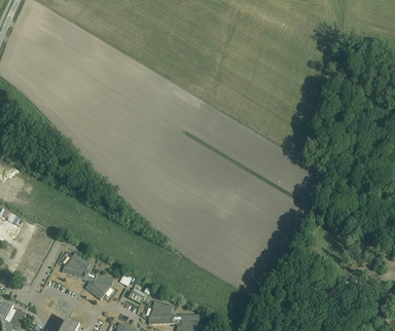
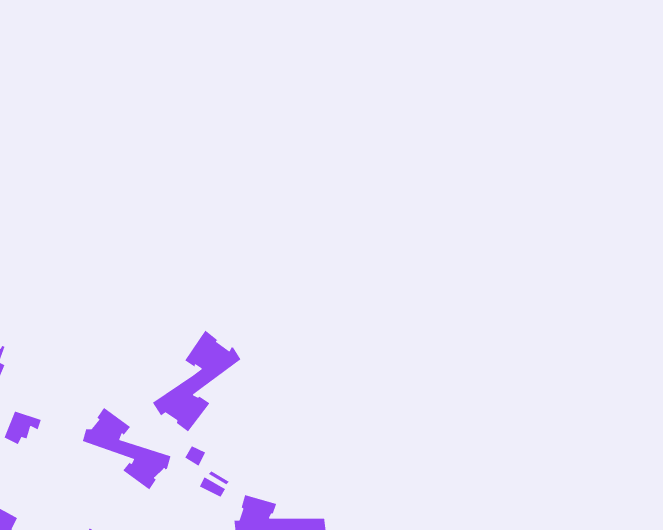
building: none -> [152,330,241,432]

